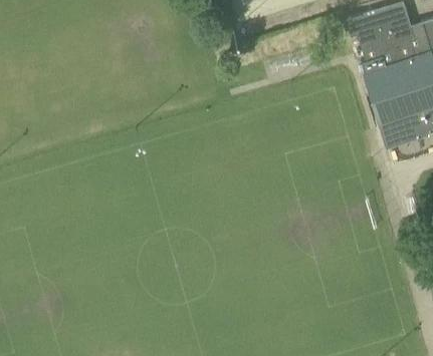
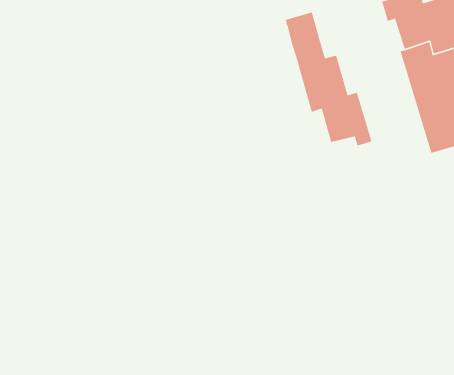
building: none -> [284,12,373,147]

